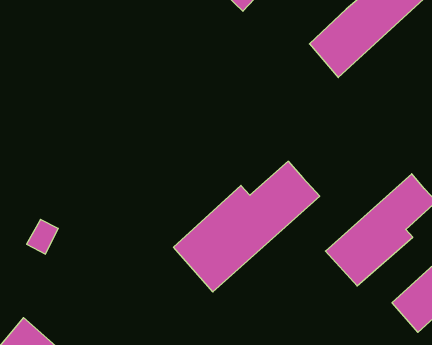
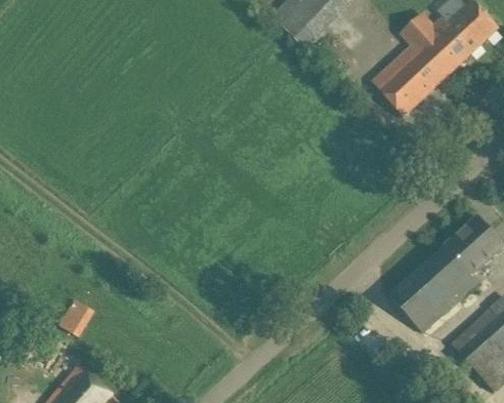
building: [174,161,320,292] -> none
building: [27,219,58,254] -> [60,298,93,334]

